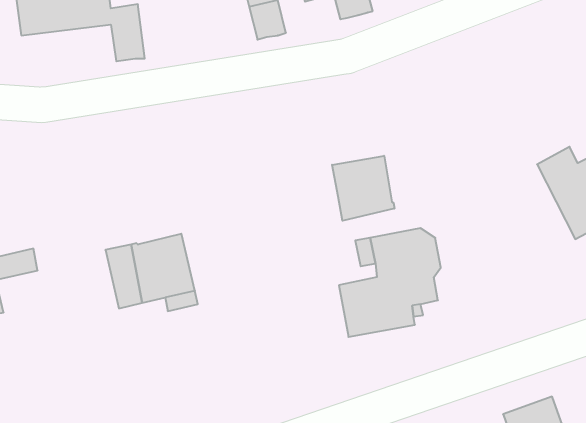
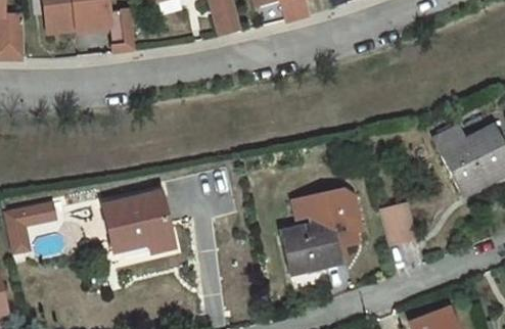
building: [332,156,394,221] -> none
building: none -> [379,198,413,237]

